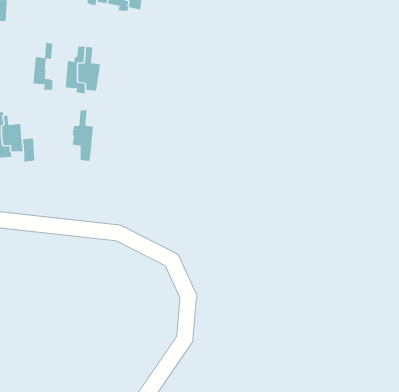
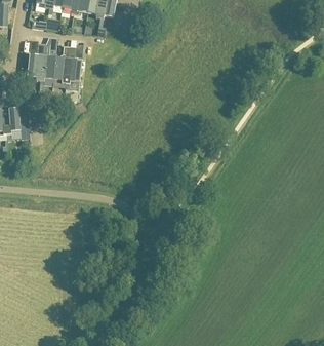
building: [72,110,94,161] -> [38,43,55,84]

